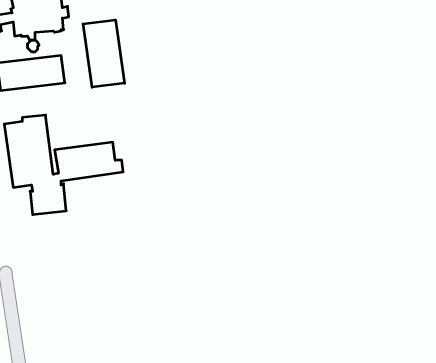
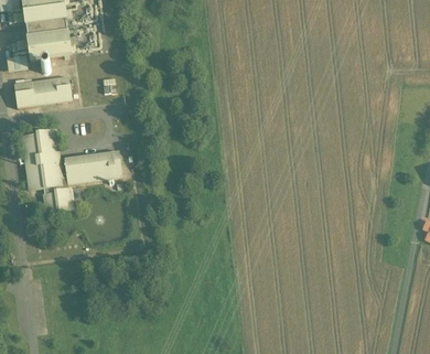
building: [83,20,125,87] -> none

